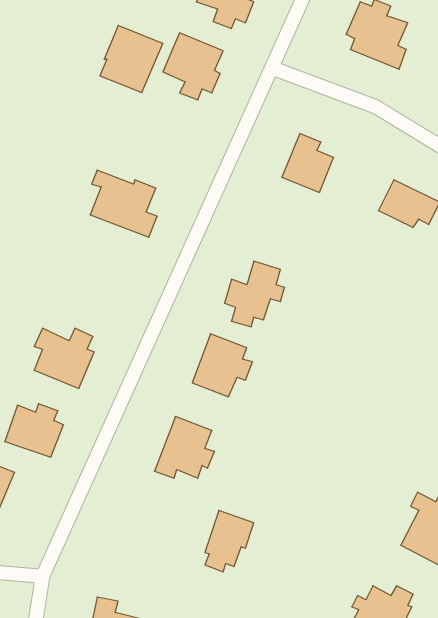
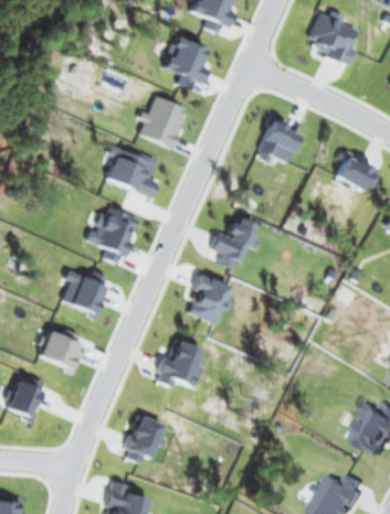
building: [100,25,163,93] -> [138,95,188,148]
building: none -> [85,206,139,264]
building: [205,510,254,572] -> [126,415,165,463]

